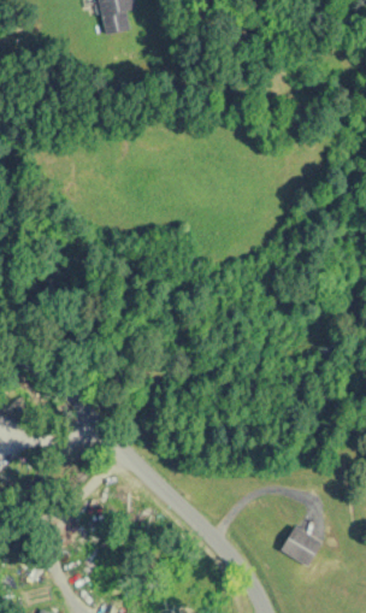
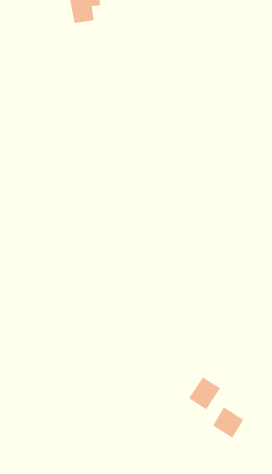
building: none -> [188,377,221,410]

